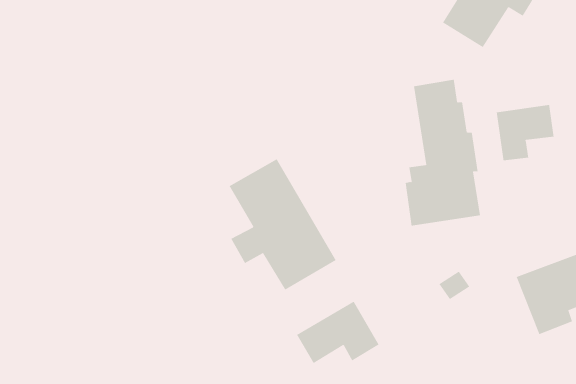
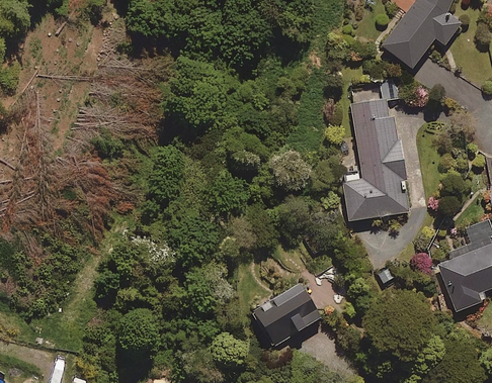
building: [496,104,554,161] -> none
building: [229,159,337,290] -> none

